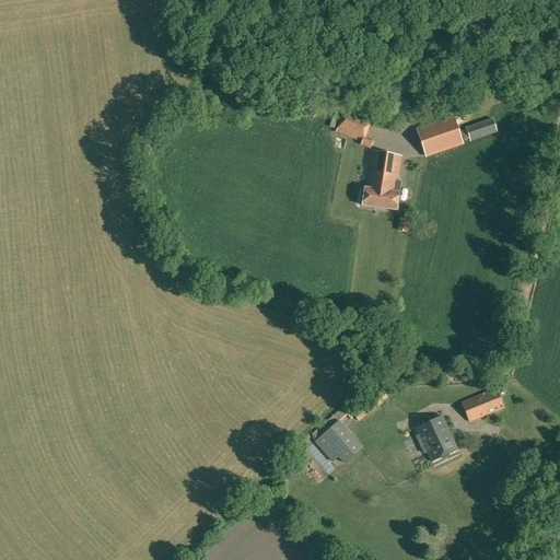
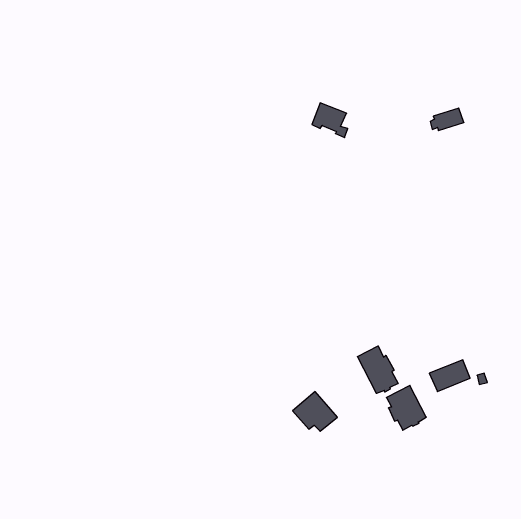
building: [417,116,460,154] -> none
building: [362,150,401,209] -> none
building: none -> [357,346,398,393]

